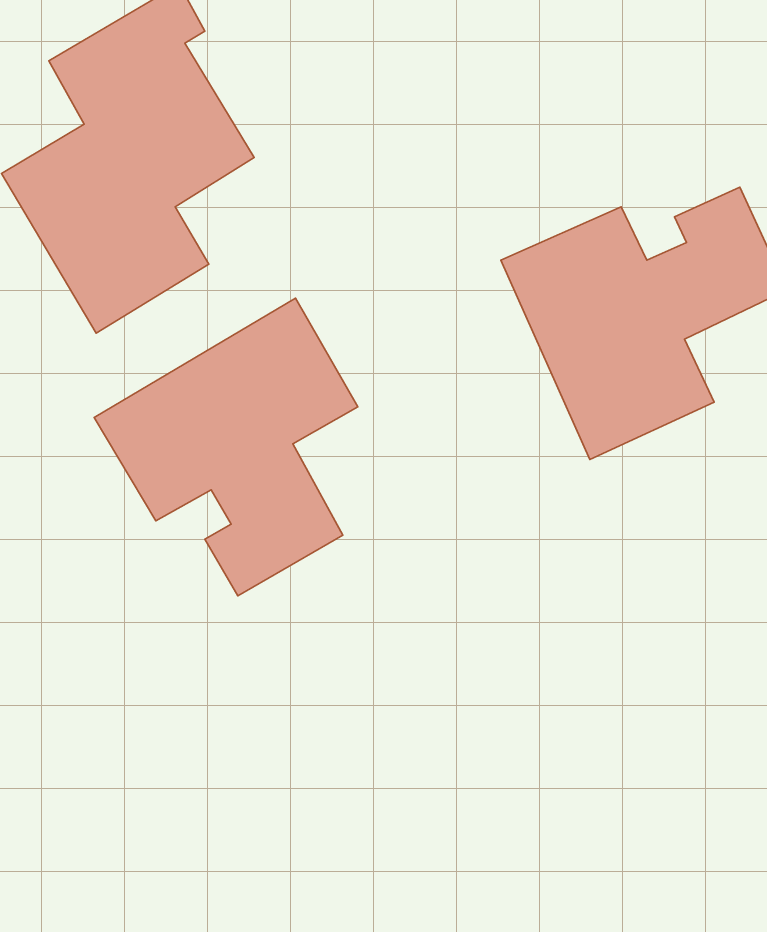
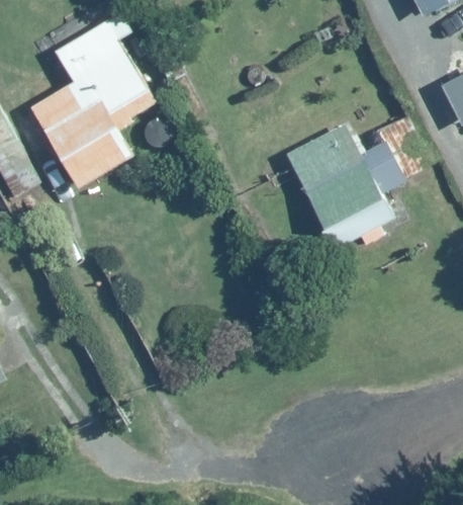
building: [94,298,358,596] -> none

